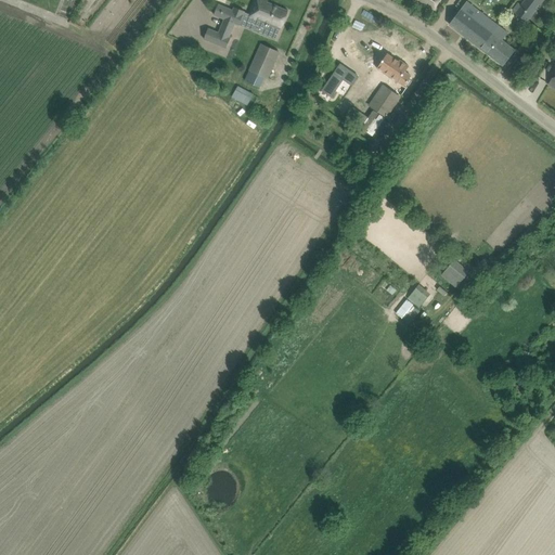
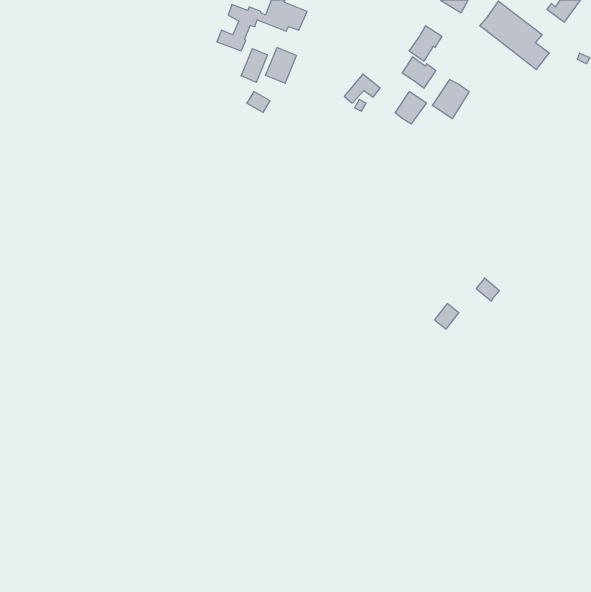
building: none -> [409,26,442,61]
building: none -> [241,49,268,82]
building: none -> [432,79,469,119]

